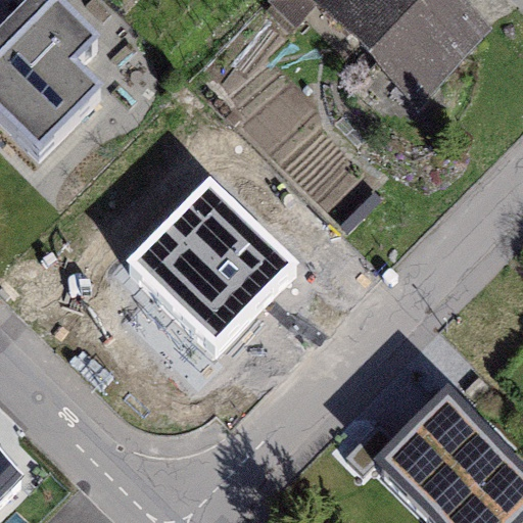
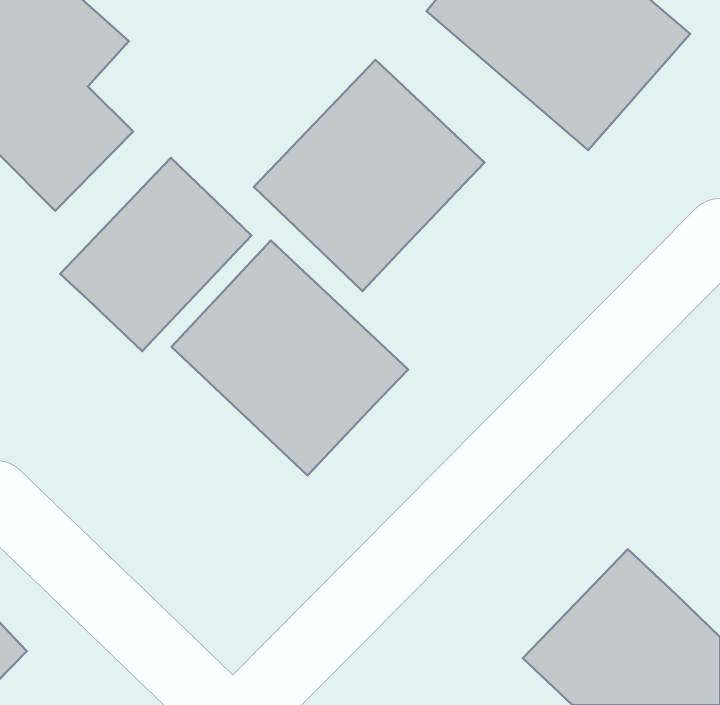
building: none -> [254,60,484,291]
building: none -> [60,158,252,351]

